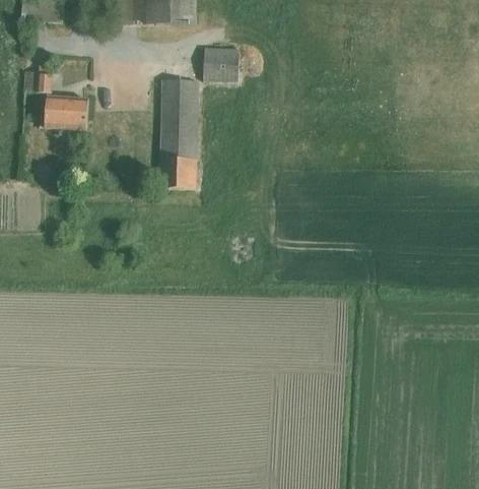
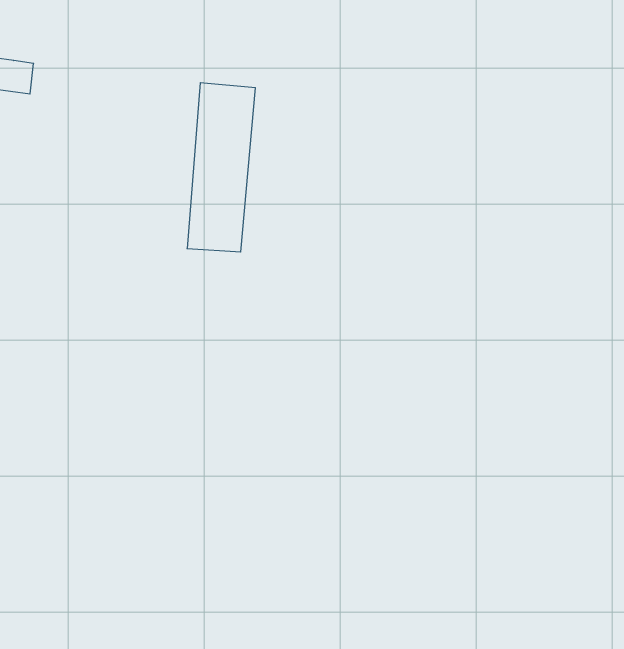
building: [204,46,240,80] -> none
building: [45,95,89,129] -> none

